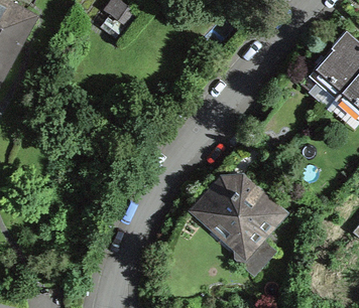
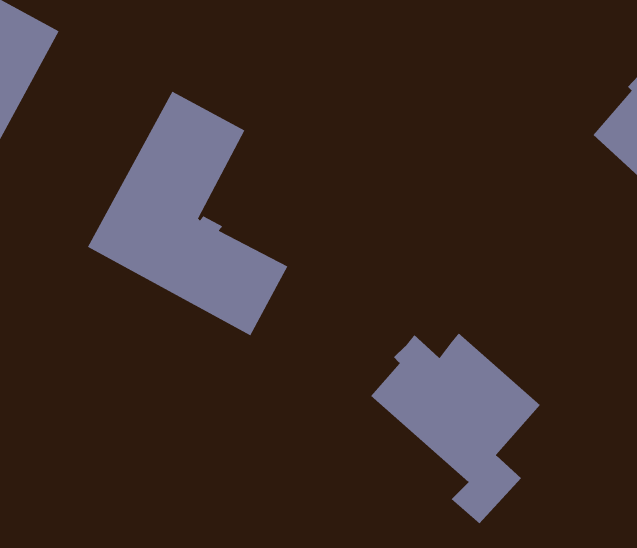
building: none -> [87,91,288,336]

